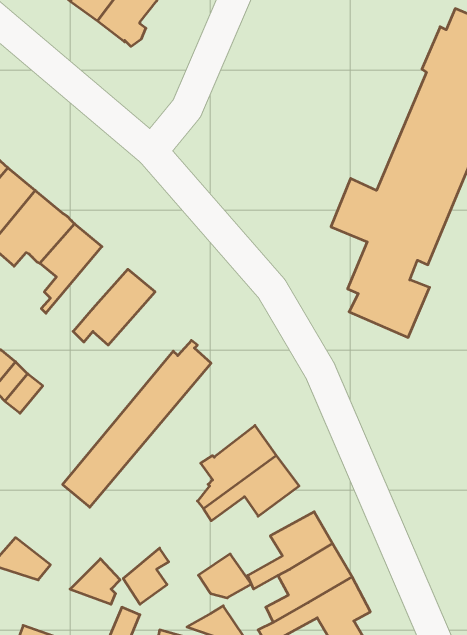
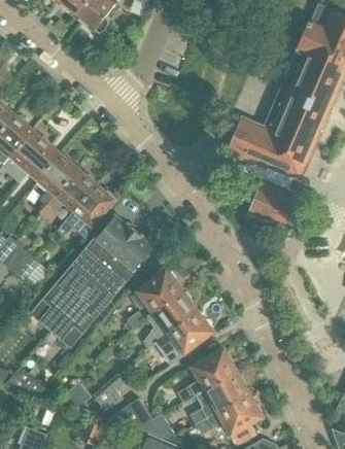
building: none -> [40,169,96,221]
building: none -> [33,216,139,331]
building: none -> [131,271,182,312]
building: [198,554,251,598] -> [116,398,152,427]

